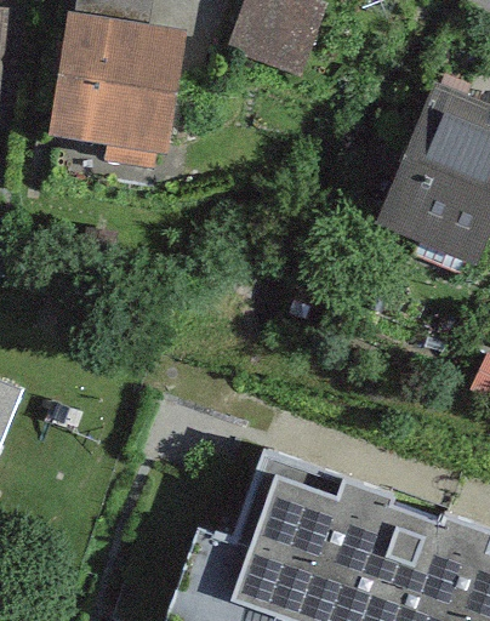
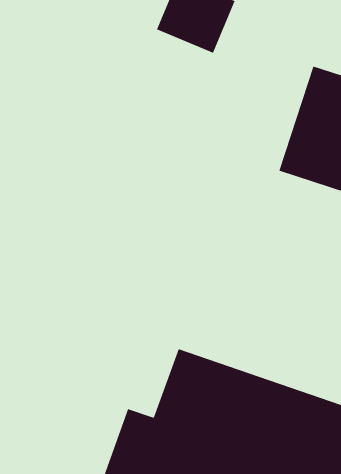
building: [39,19,183,158] -> none

